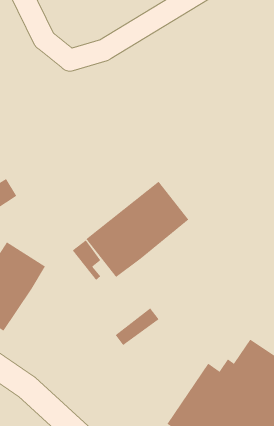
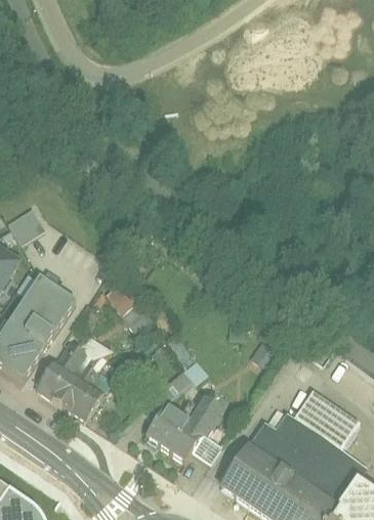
building: [85,181,189,278] -> none
building: none -> [29,336,116,421]
building: none -> [140,395,223,470]

